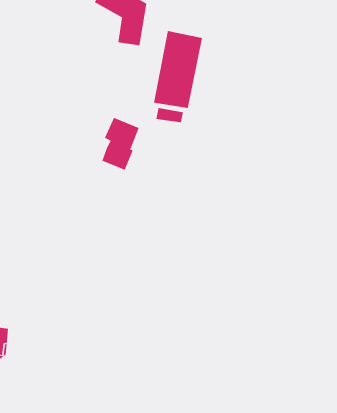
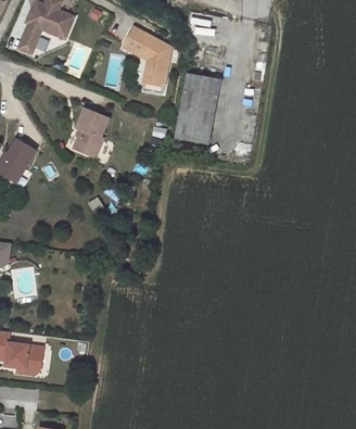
building: [102,117,139,170] -> [74,109,109,157]

